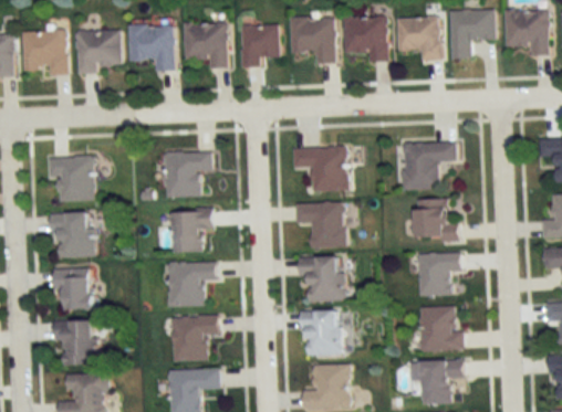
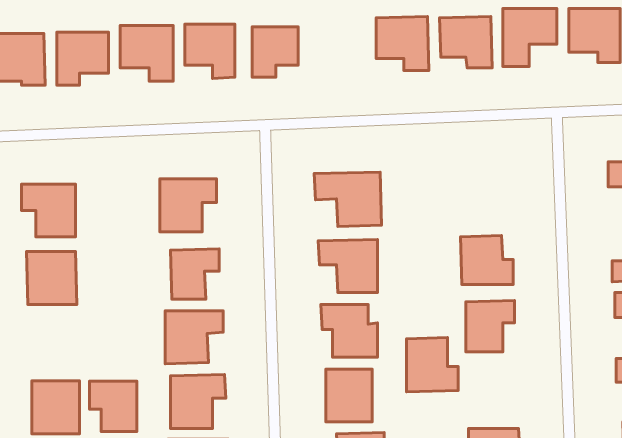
building: [290,17,335,62] -> none
building: [402,141,457,190] -> none
building: [52,267,92,309] -> [89,381,137,431]
building: [420,306,464,351] -> [407,338,458,392]

